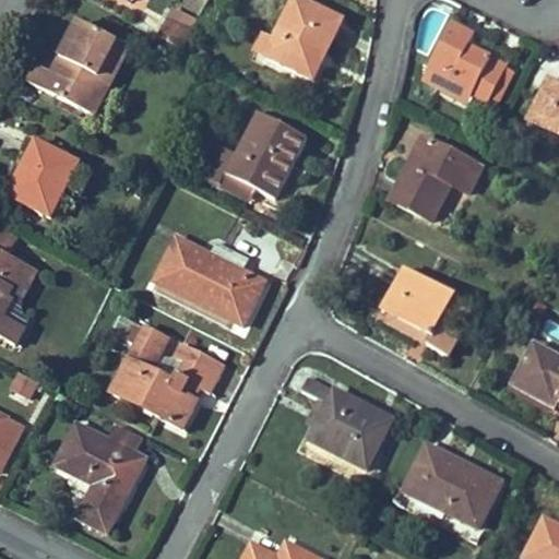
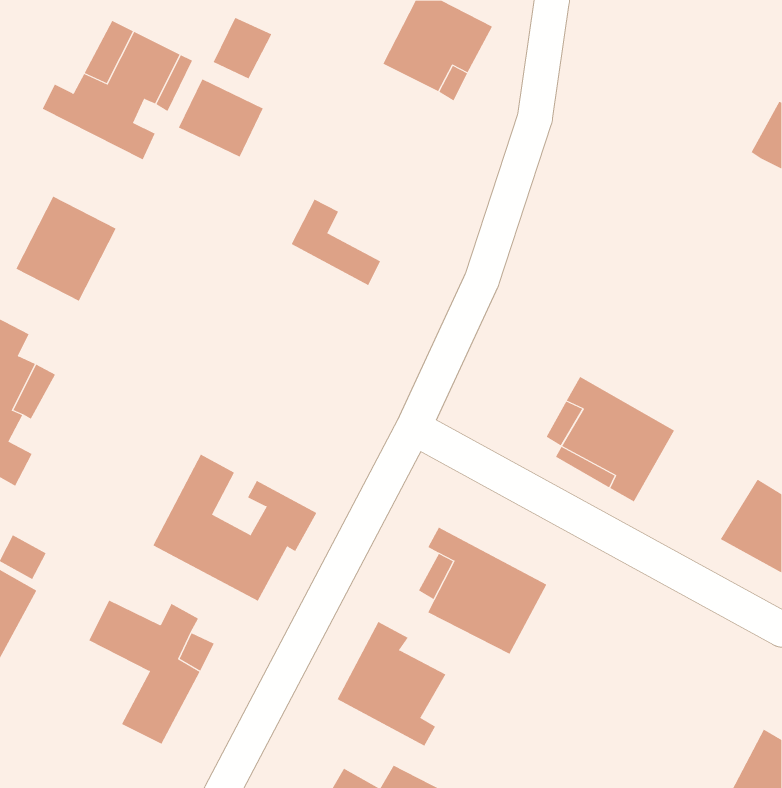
building: [425,21,507,106] -> none
building: none -> [178,79,264,158]
building: [230,109,310,194] -> none
building: [390,134,484,222] -> none
building: [150,234,265,324] -> none
building: [394,437,492,522] -> none
building: none -> [337,621,446,746]

